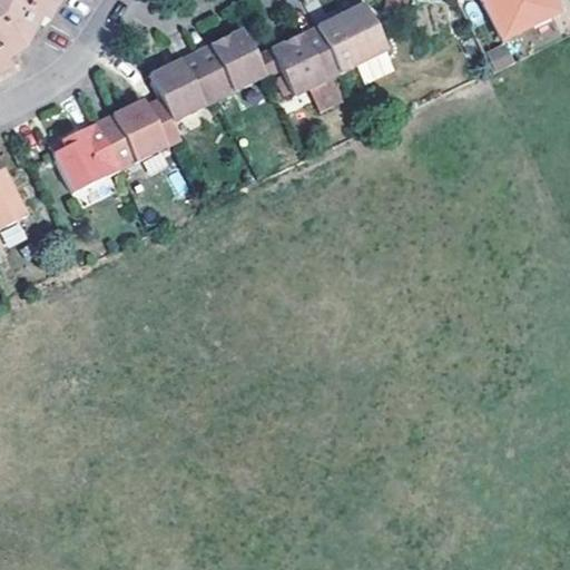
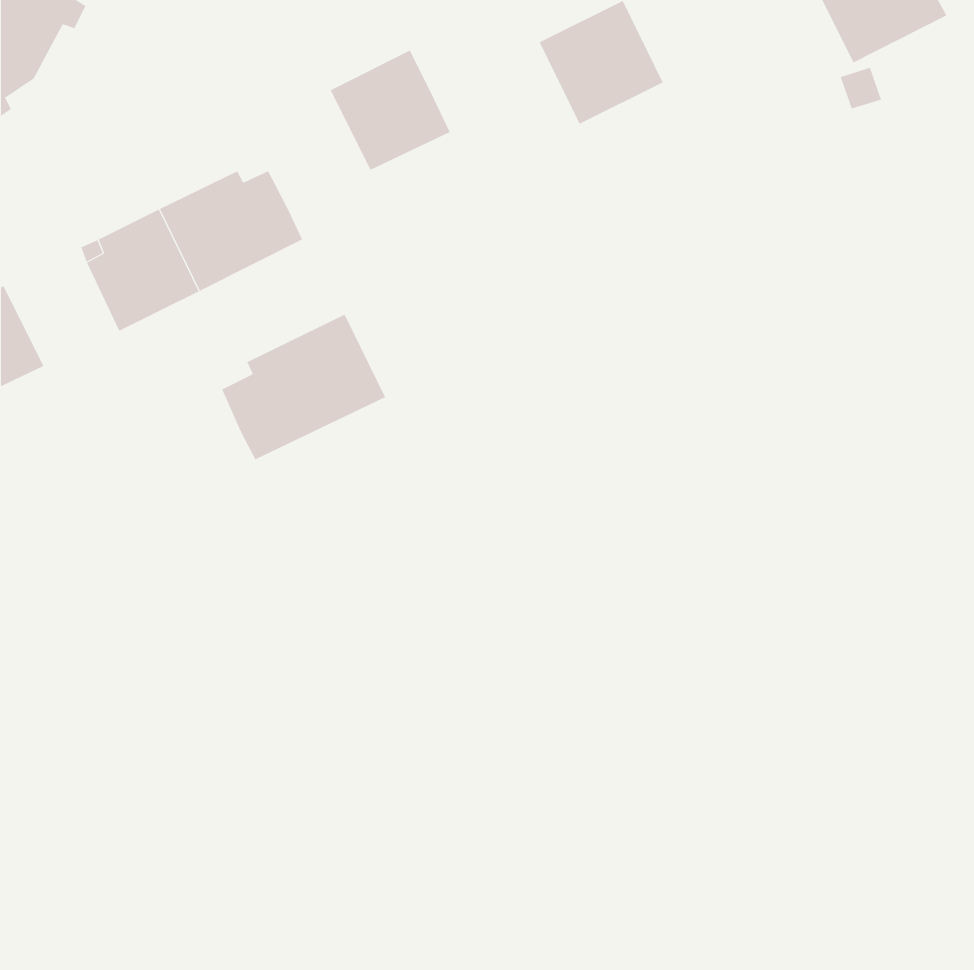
building: [254,24,340,95] -> none
building: [148,52,218,122] -> none
building: none -> [222,314,386,460]

